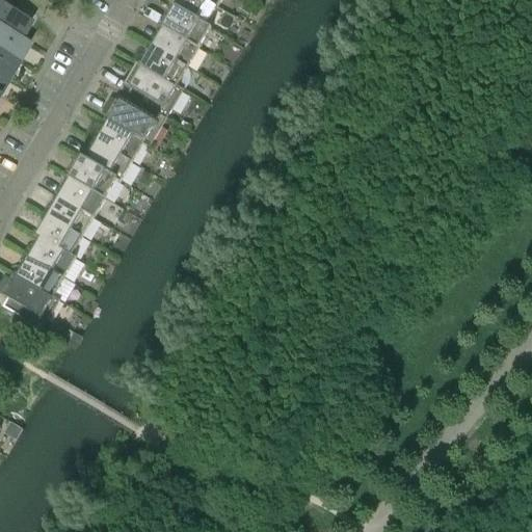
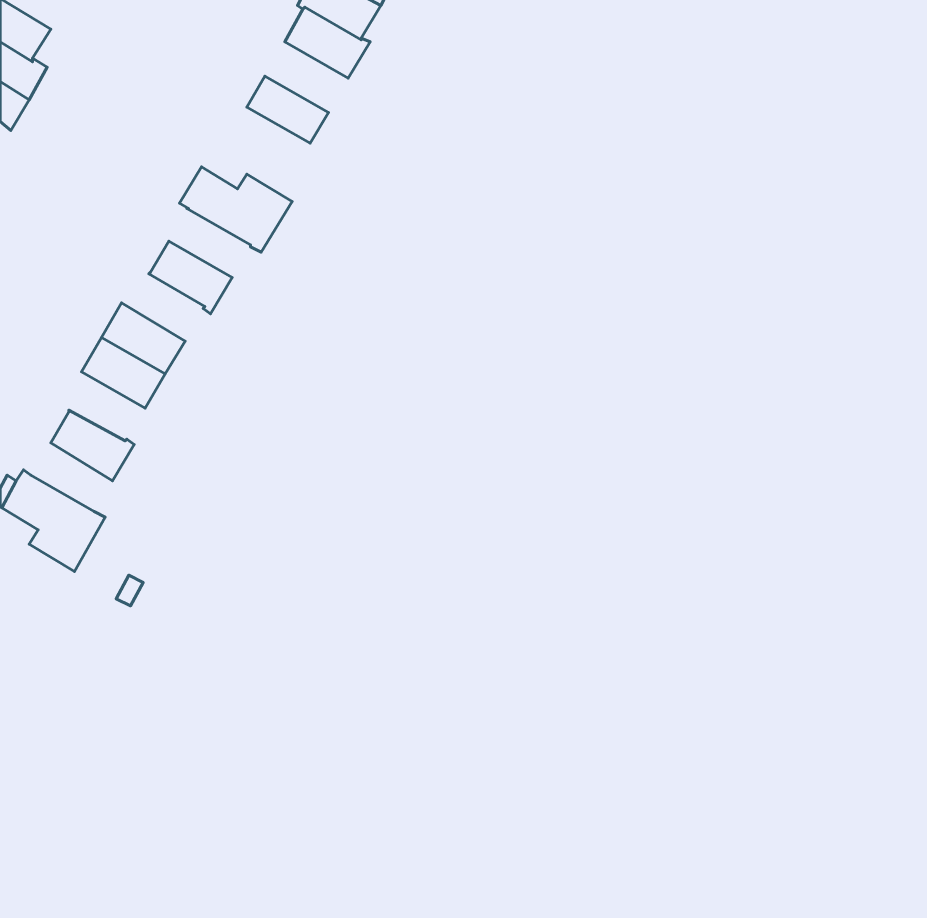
building: [152,24,200,64] -> none
building: [125,58,184,115] -> none
building: [97,119,143,159] -> none
building: [70,153,117,195] -> none
building: [35,213,83,252] -> none
building: [18,254,64,293] -> none

